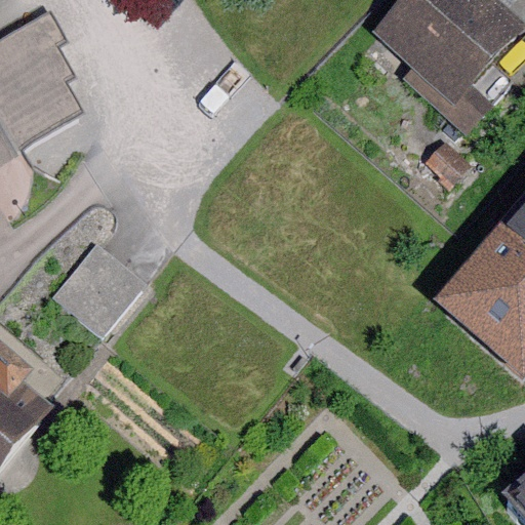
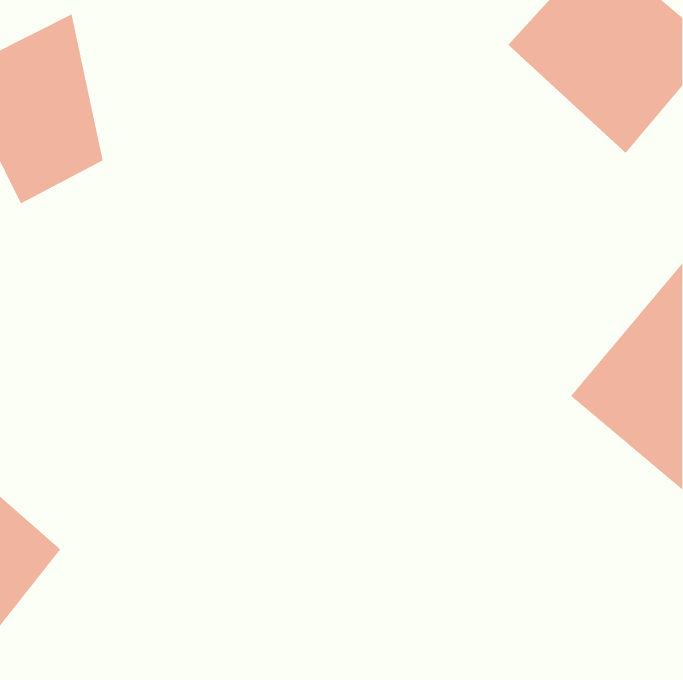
building: [55,240,150,336] -> none

